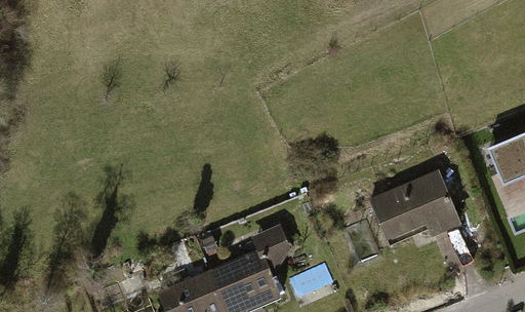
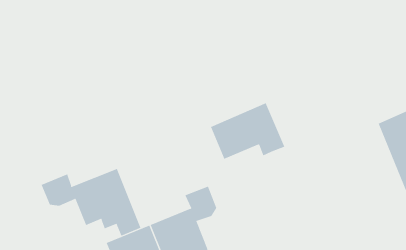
building: [371,171,460,239] -> [210,103,285,160]
building: none -> [41,168,141,237]

